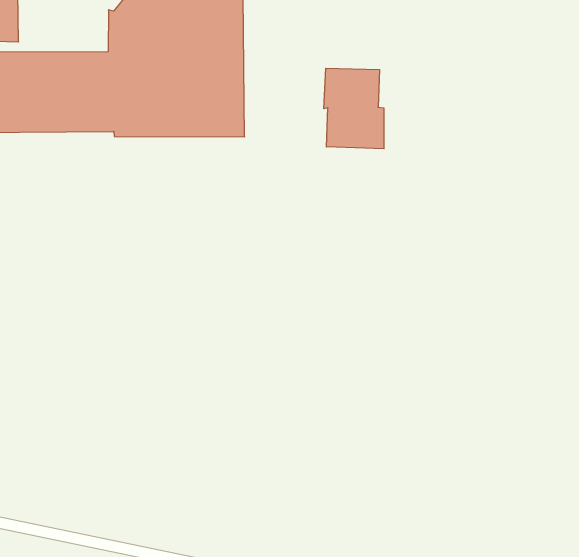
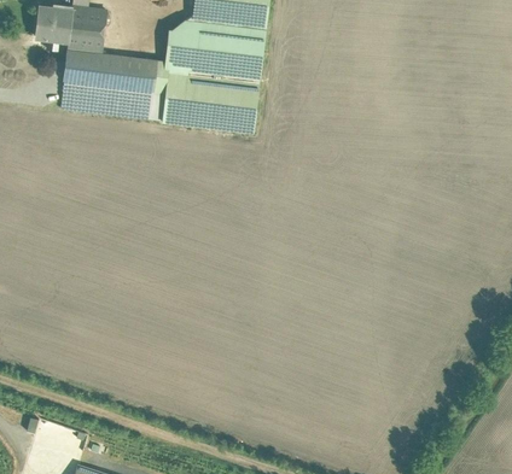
building: [324,68,384,149] -> none

